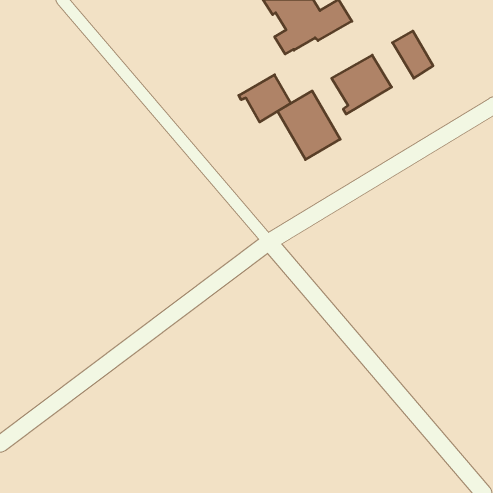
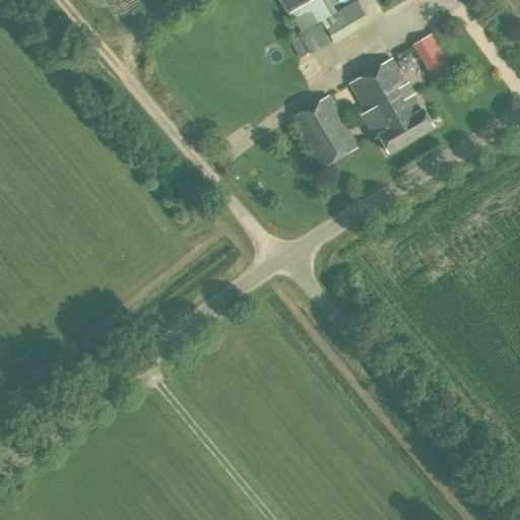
building: [239,75,291,122] -> none
building: none -> [365,91,433,151]

